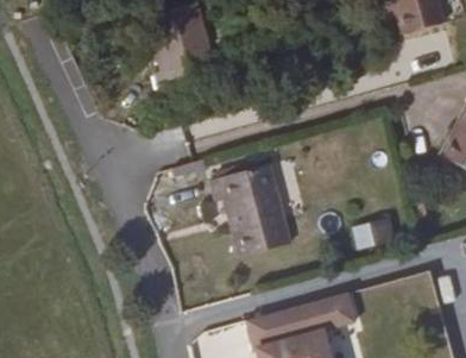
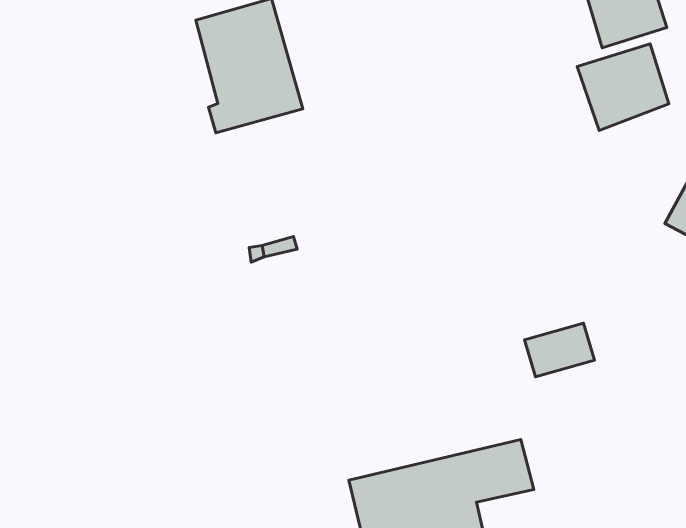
building: none -> [577,44,669,130]
building: [209,167,291,257] -> none

